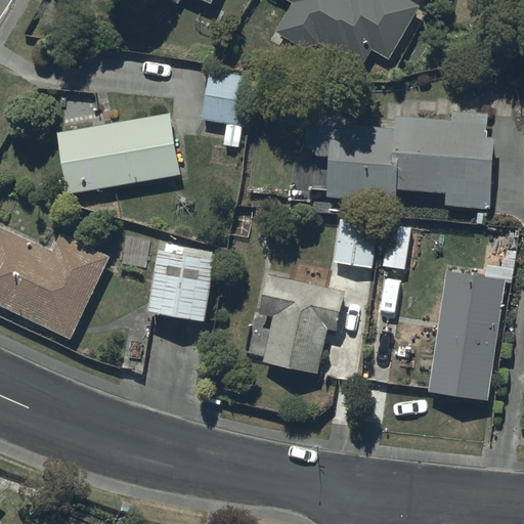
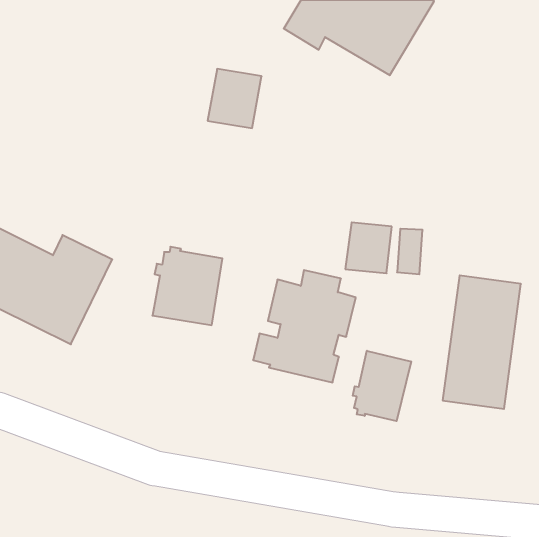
building: [305,110,493,209] -> none
building: [57,113,179,193] -> none
building: none -> [353,351,411,421]

